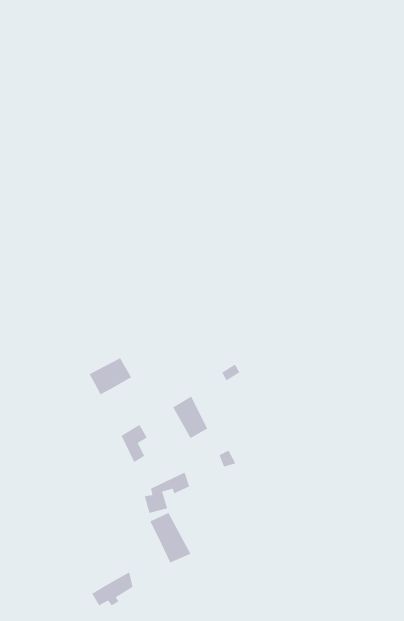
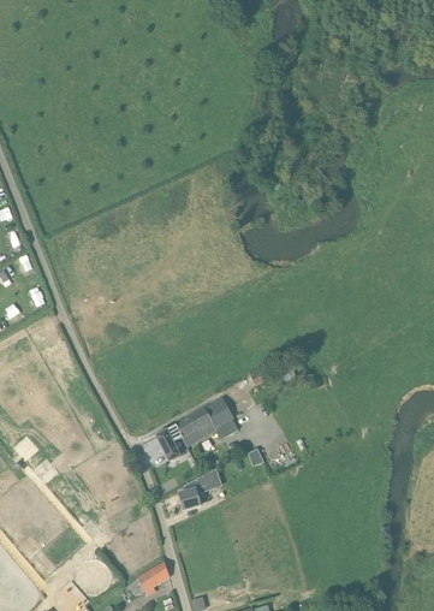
building: [88,357,132,396] -> [174,408,215,444]
building: [149,512,191,564] -> none

